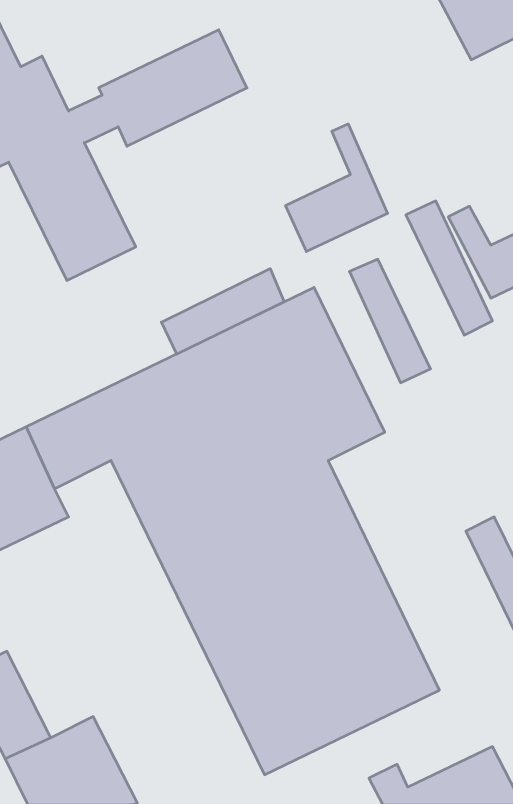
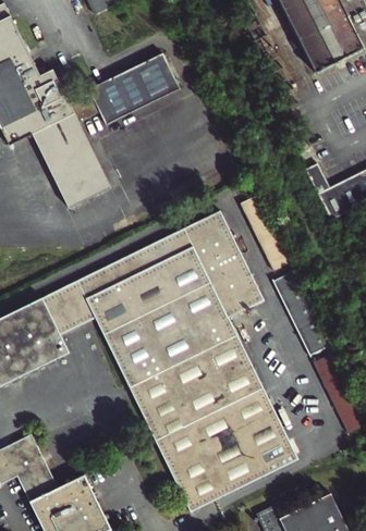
building: [286,124,388,252] -> none
building: [406,201,492,335] -> [274,268,328,350]
building: [161,269,284,354] -> none

